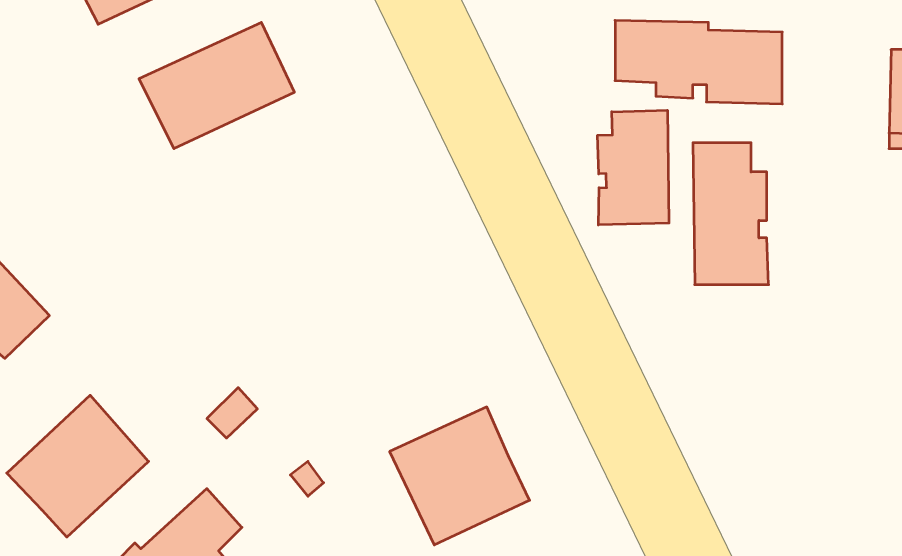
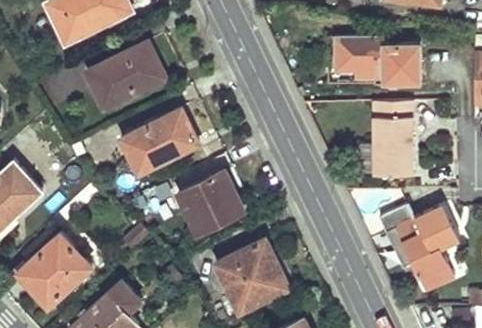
building: [598,110,669,225] -> none
building: none -> [122,108,200,173]
building: none -> [178,171,242,232]
building: none -> [376,208,458,293]

